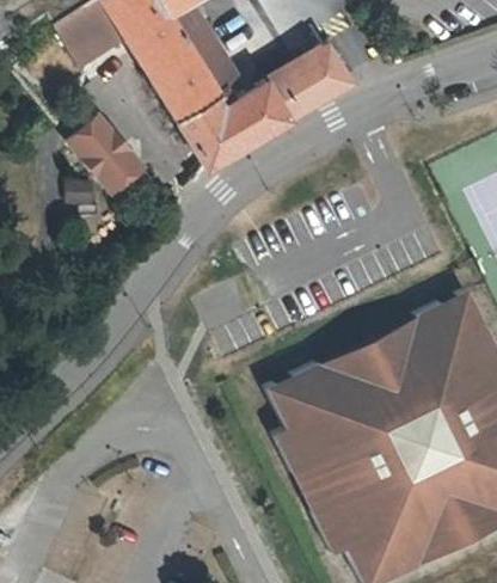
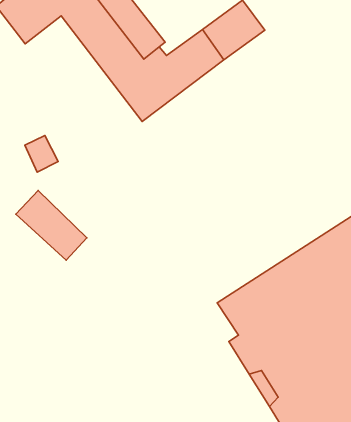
building: [74,121,152,203] -> [16,191,87,260]

